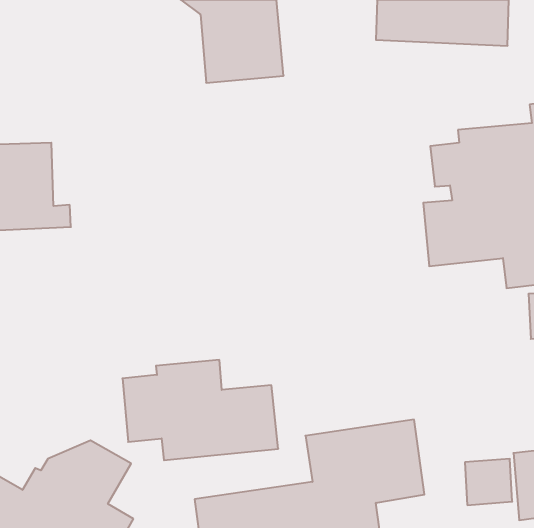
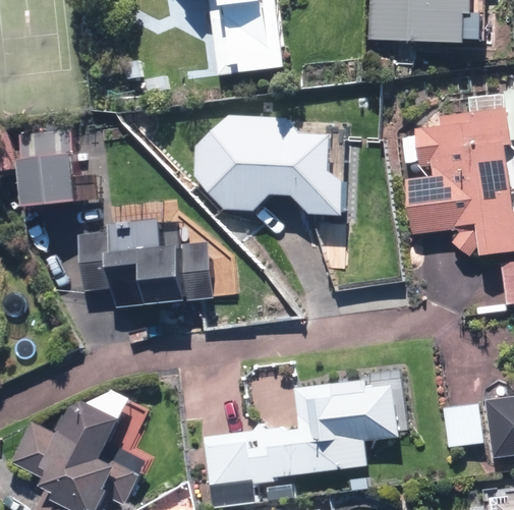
building: none -> [194,121,341,214]
building: [122,360,278,460] -> [76,220,214,308]

